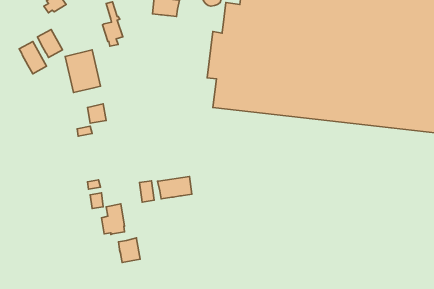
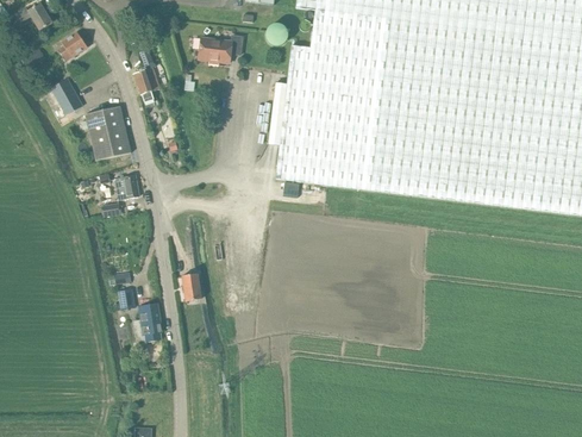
building: [19,41,47,74] -> none
building: [157,177,192,199] -> none
building: [118,238,140,262] -> none

